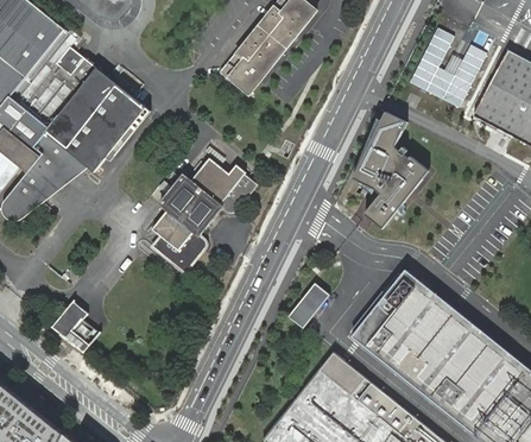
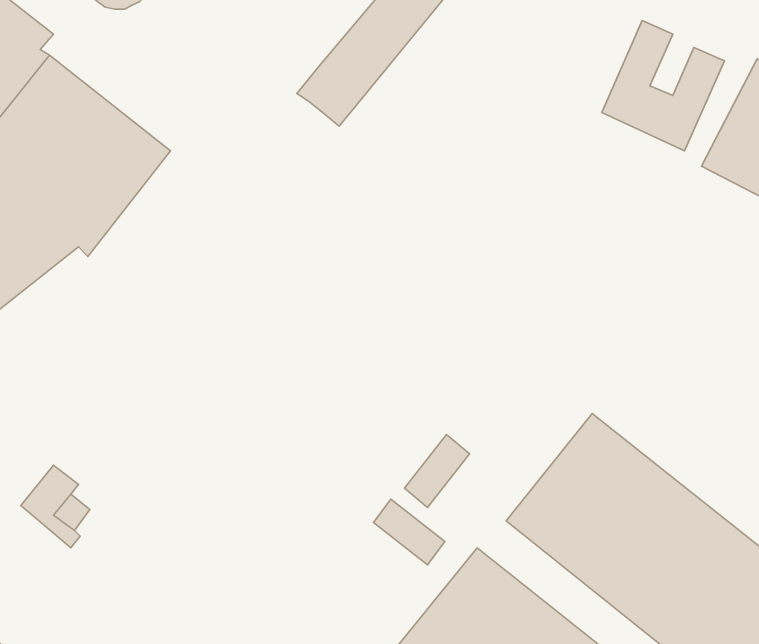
building: [354,113,428,229] -> none
building: [151,157,254,272] -> none
building: none -> [374,499,445,565]

